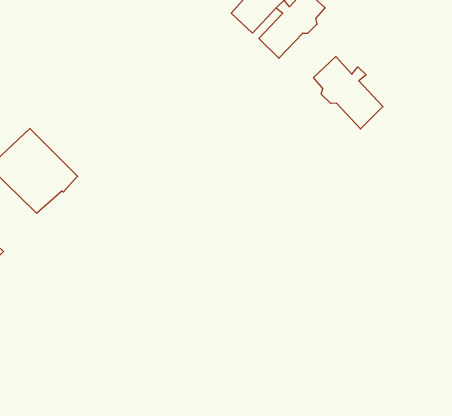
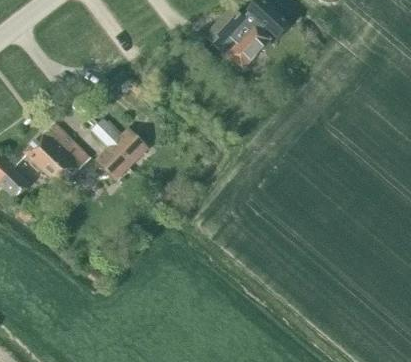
building: [314,57,383,129] -> none
building: none -> [89,116,149,180]

